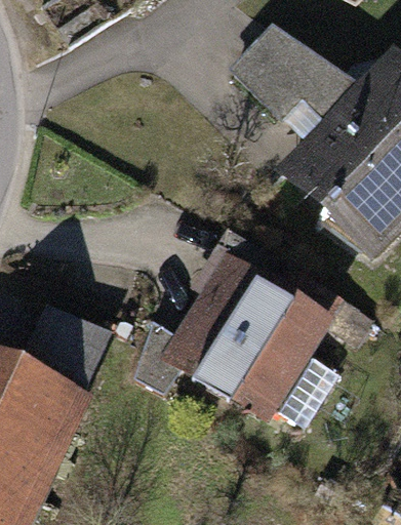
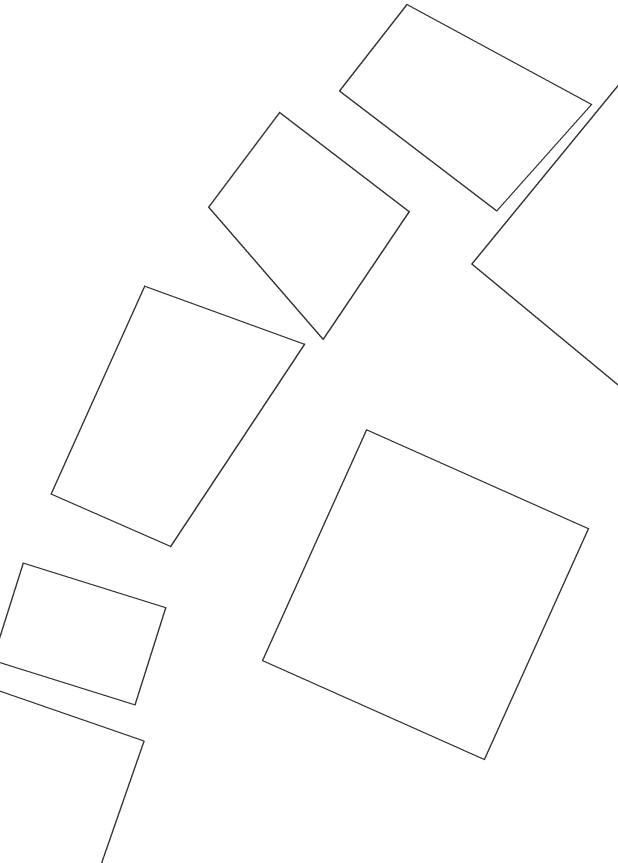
building: none -> [209,112,409,339]
building: none -> [51,286,305,547]

